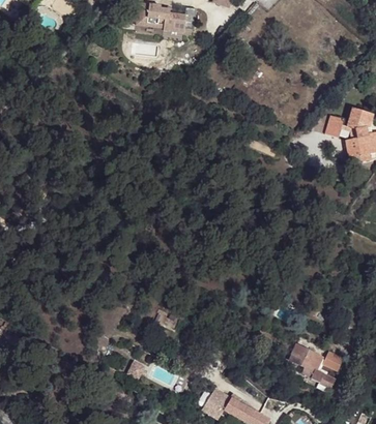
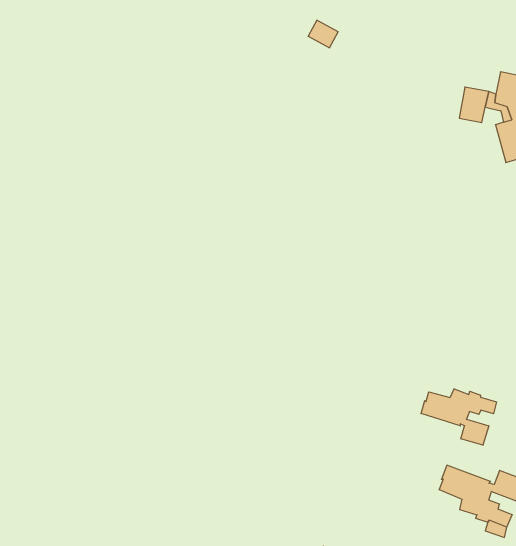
building: none -> [421,389,496,445]

